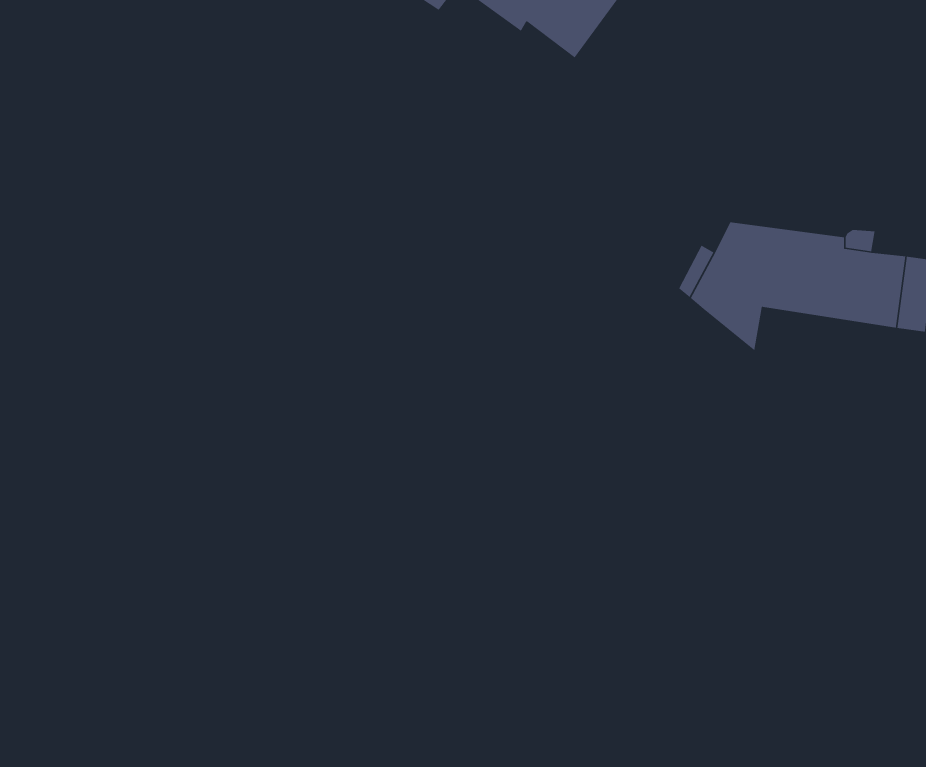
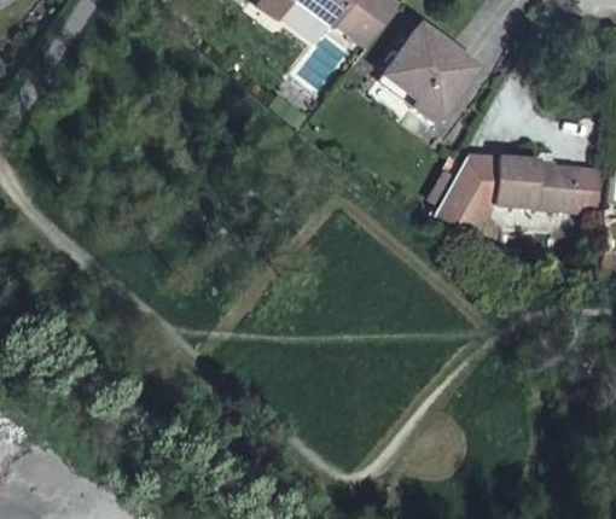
building: none -> [384,24,476,118]

